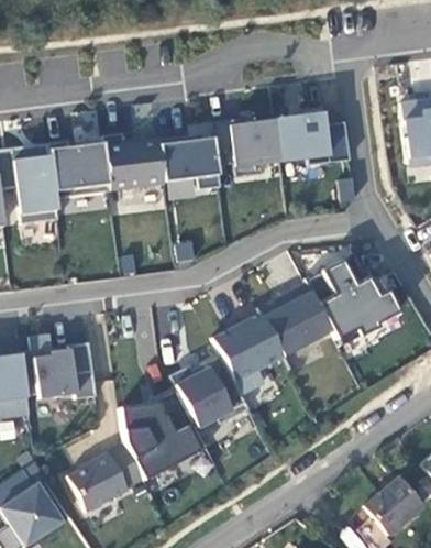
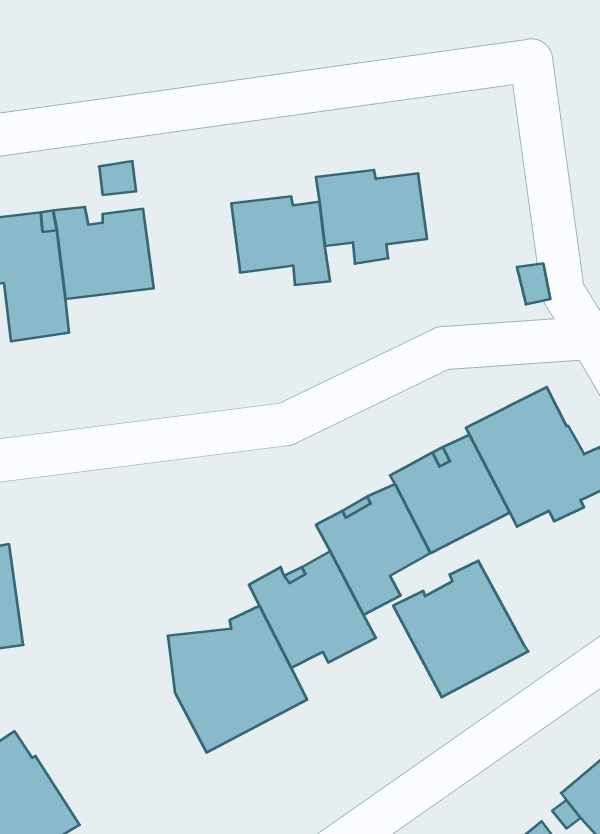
building: [277,107,352,165] -> none
building: [104,132,166,190] -> none
building: [32,333,98,398] -> none
building: none -> [393,561,528,697]
building: [68,442,145,512] -> none

